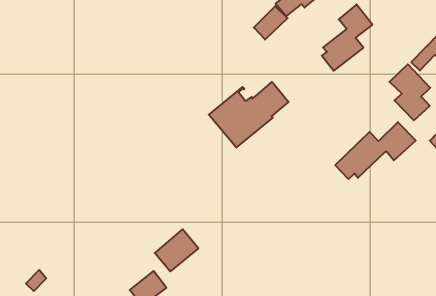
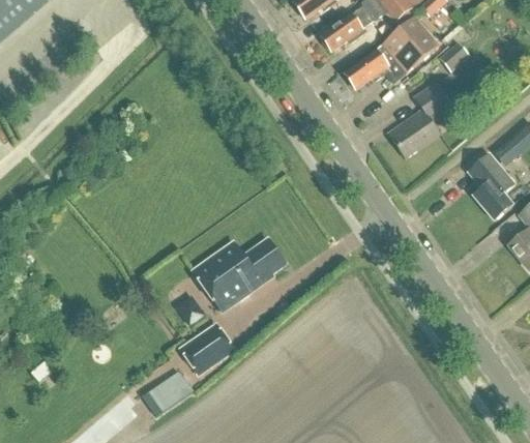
building: [254,6,288,40] -> none
building: [209,82,289,148] -> [193,238,286,311]
building: [335,122,416,179] -> none

